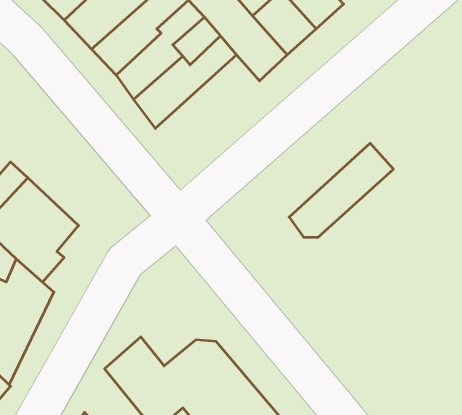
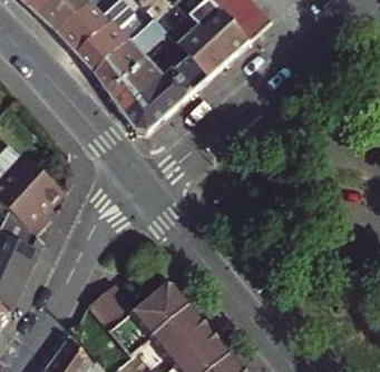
building: [289,143,393,237] -> [123,59,203,131]

